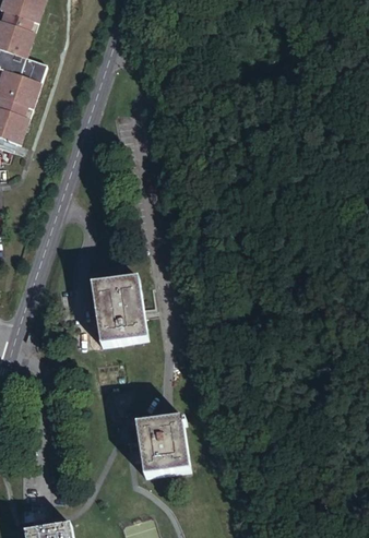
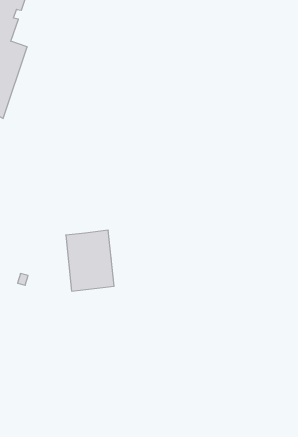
building: [135,410,191,474] -> none

